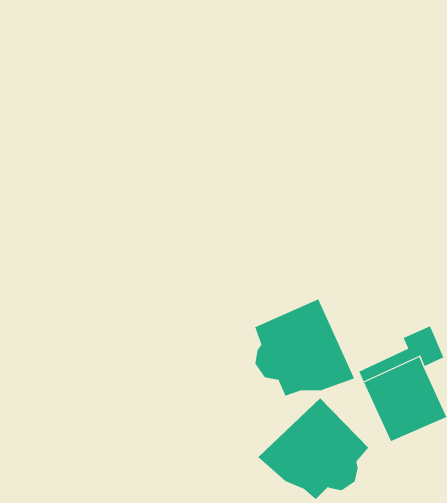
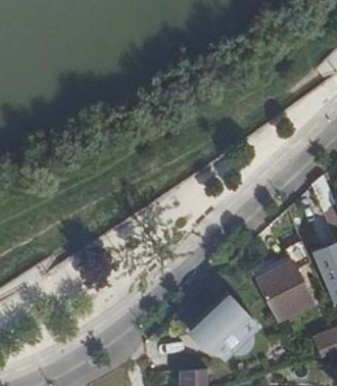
building: [254,298,355,397] -> none

